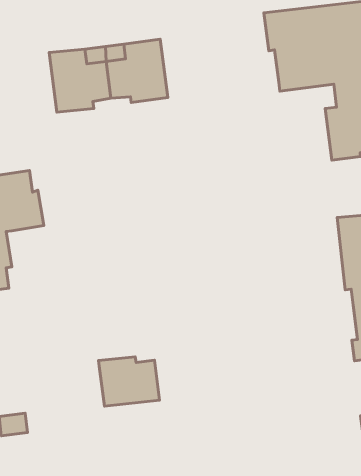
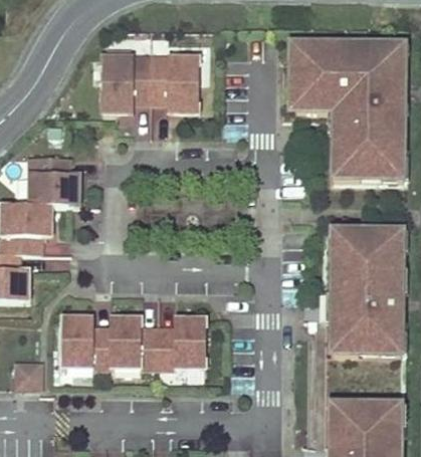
building: none -> [158,326,206,367]
building: none -> [62,325,110,366]

